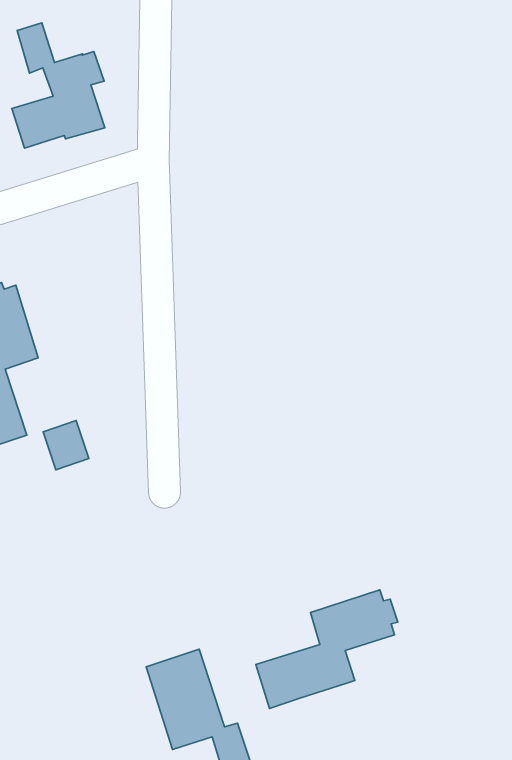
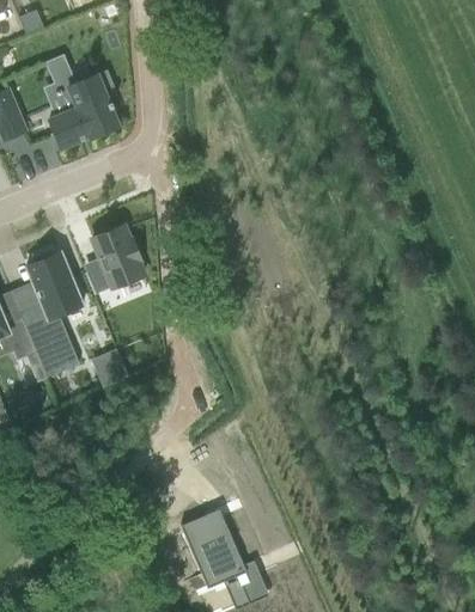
building: none -> [91,227,142,288]
building: [256,590,398,708] -> none

